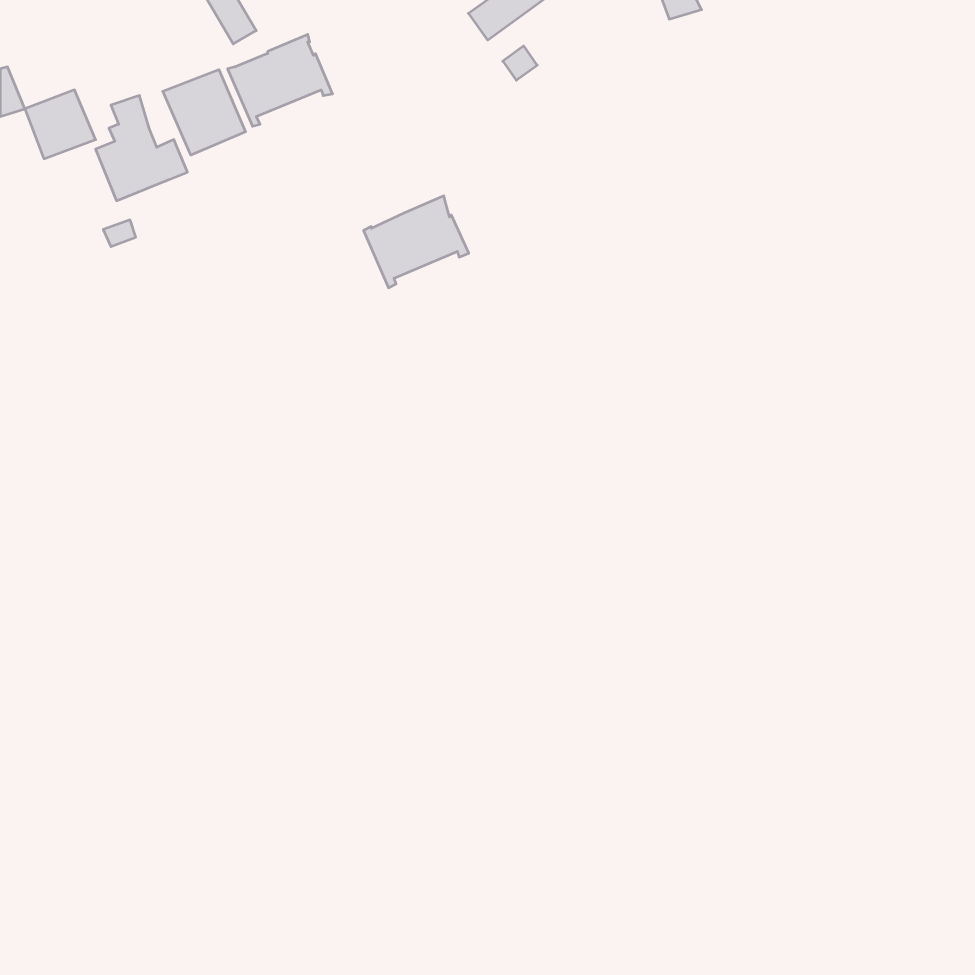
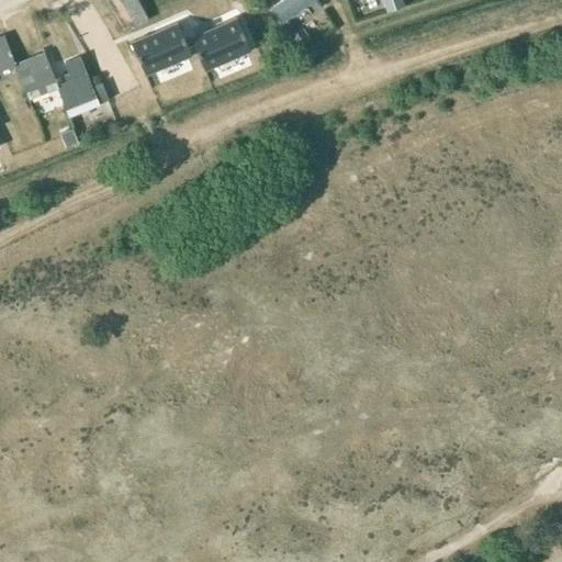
building: [163,70,246,155] -> none
building: [364,196,469,288] -> [191,15,251,68]

